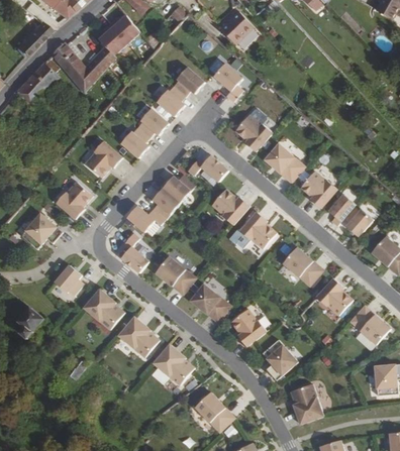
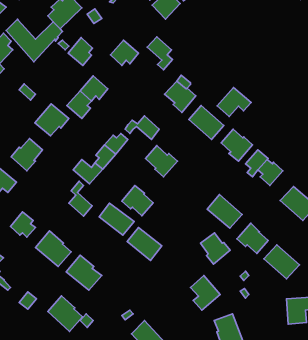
building: [156,84,184,116] -> [68,38,92,66]
building: none -> [217,87,251,117]
building: [239,212,276,247] -> [122,185,153,216]
building: [231,309,266,345] -> [200,233,230,264]
building: [155,344,195,385] -> [48,296,83,331]

